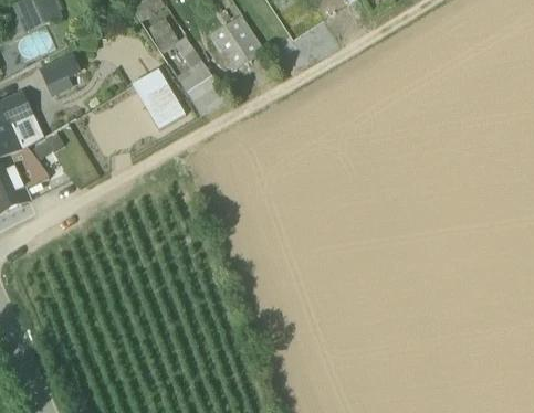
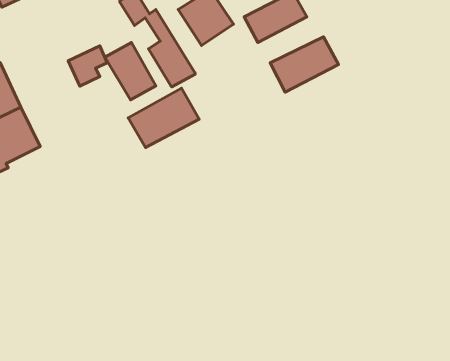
building: [38,52,78,94] -> [68,46,107,86]
building: none -> [270,37,339,92]
building: none -> [128,88,199,148]

